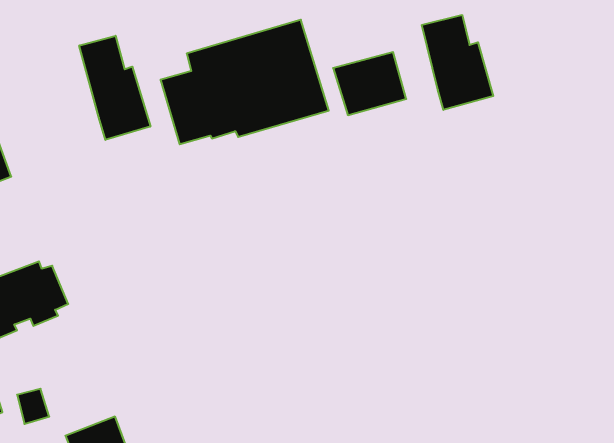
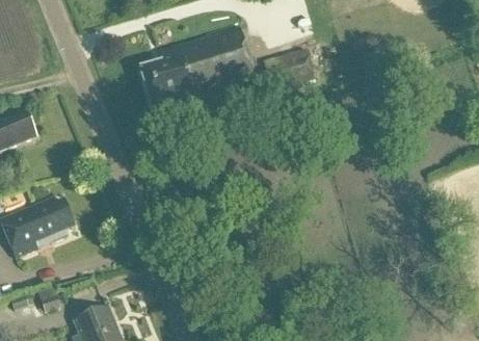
building: [422,15,493,110] -> none
building: [79,36,150,140] -> none

